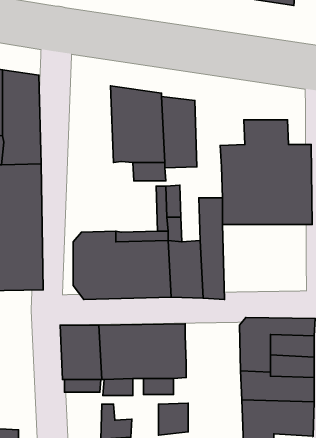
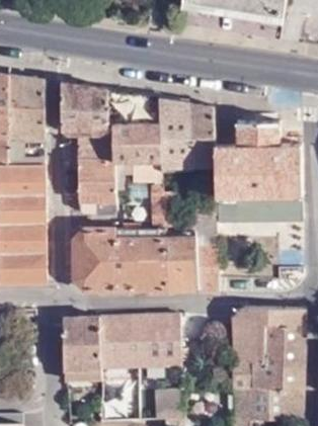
building: none -> [63,83,113,215]
building: none -> [189,104,215,167]

